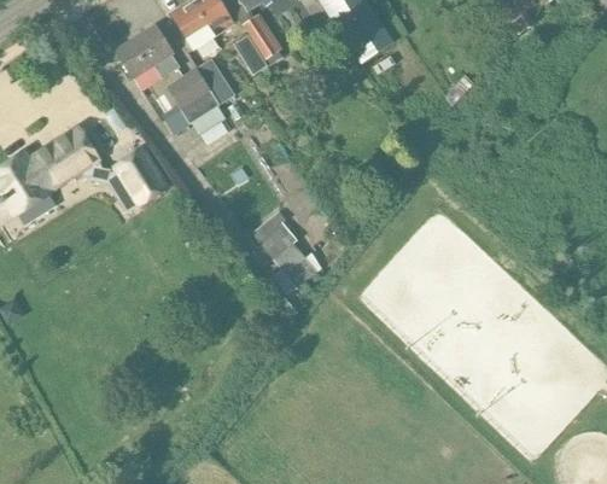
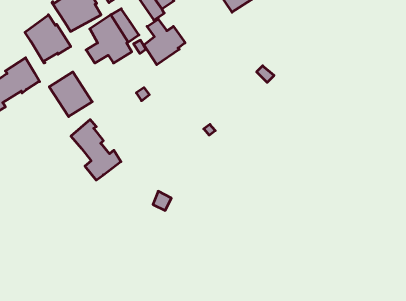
building: none -> [25,15,71,63]
building: none -> [144,19,185,65]
building: [252,210,321,293] -> [71,120,121,180]

